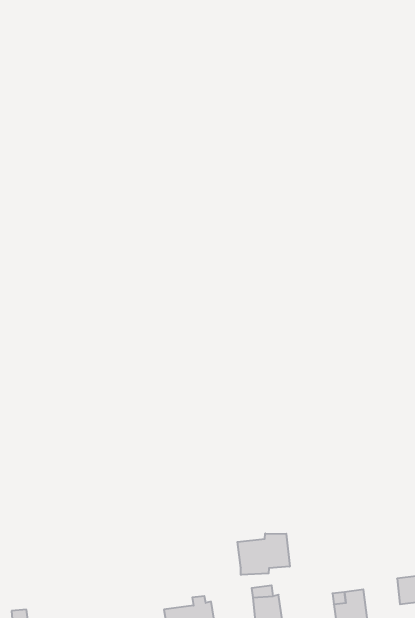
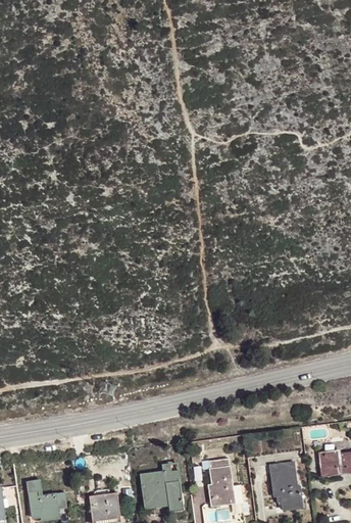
building: [237,533,290,575] -> none

